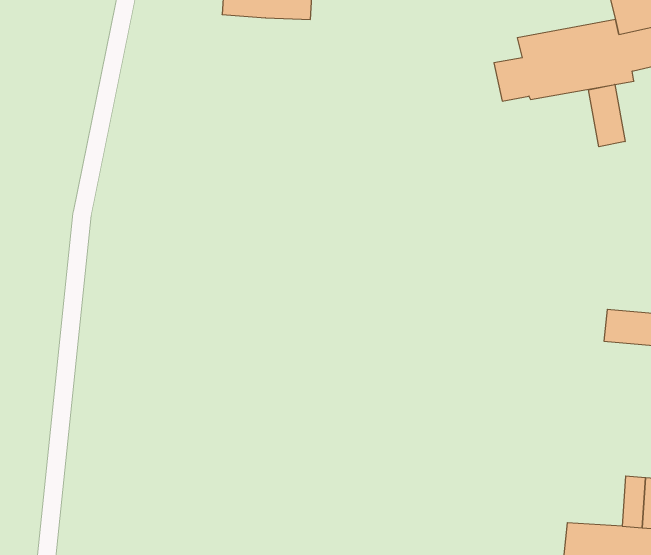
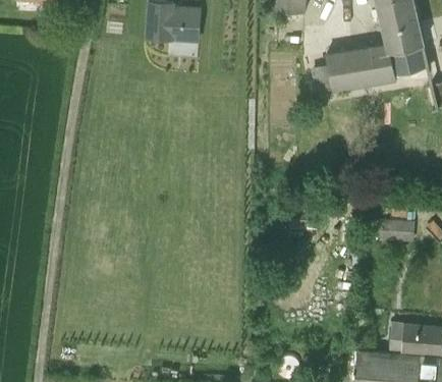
building: [588,84,625,147] -> none

